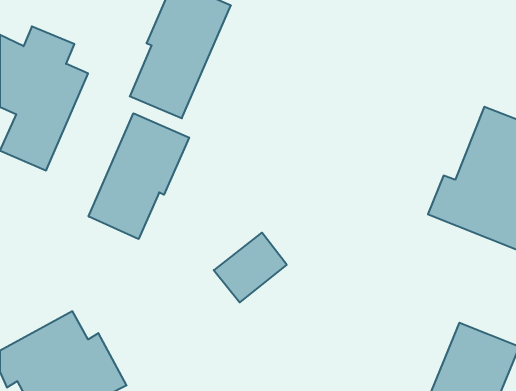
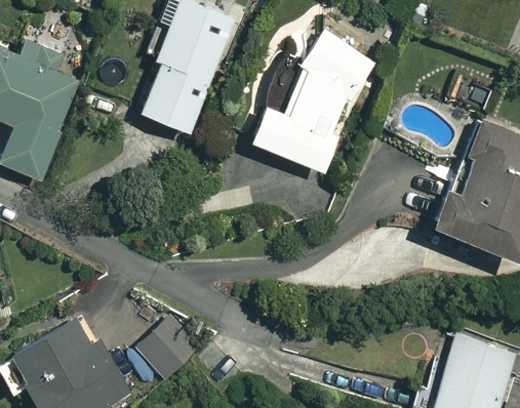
building: none -> [247,32,370,171]
building: [89,113,189,239] -> none
building: [214,233,287,302] -> [129,319,201,387]

